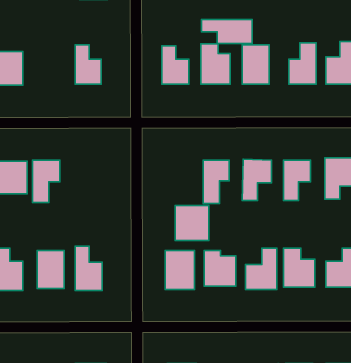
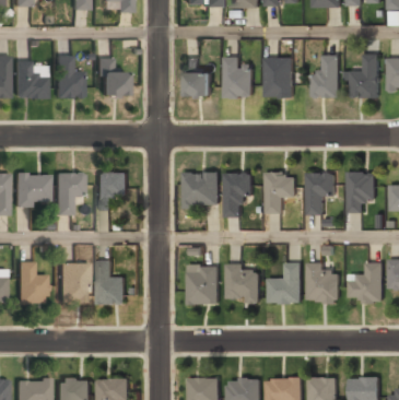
building: [202,19,252,43] -> none
building: none -> [54,56,80,97]
building: none -> [94,173,127,210]
building: [175,206,209,240] -> [184,170,218,205]

